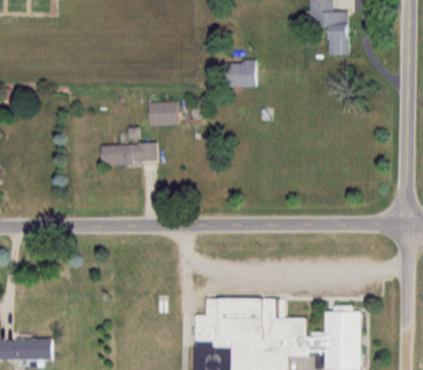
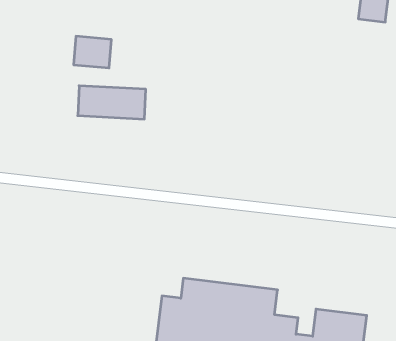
building: [228,58,258,88] -> none
building: [146,100,178,126] -> [74,36,111,68]

